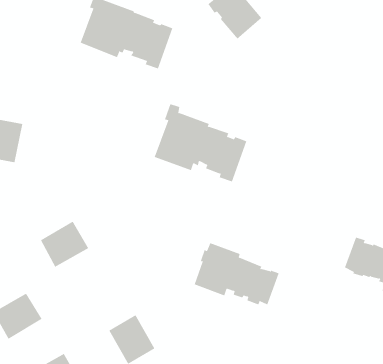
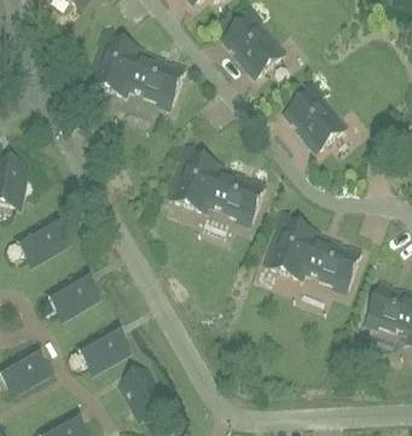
building: none -> [285,83,343,153]
building: none -> [14,216,66,266]
building: [194,242,279,305] -> [267,222,358,289]
building: none -> [76,325,128,374]

